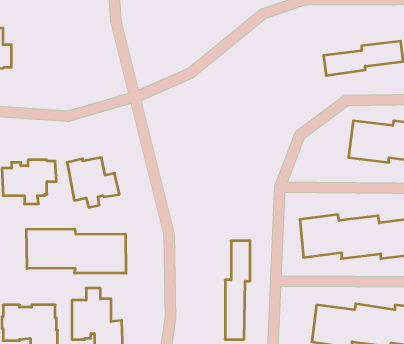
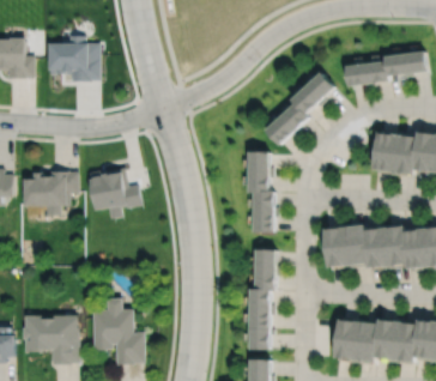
building: none -> [48,35,99,80]
building: none -> [265,71,334,144]
building: none -> [247,151,272,232]
building: [26,229,126,273] -> none

